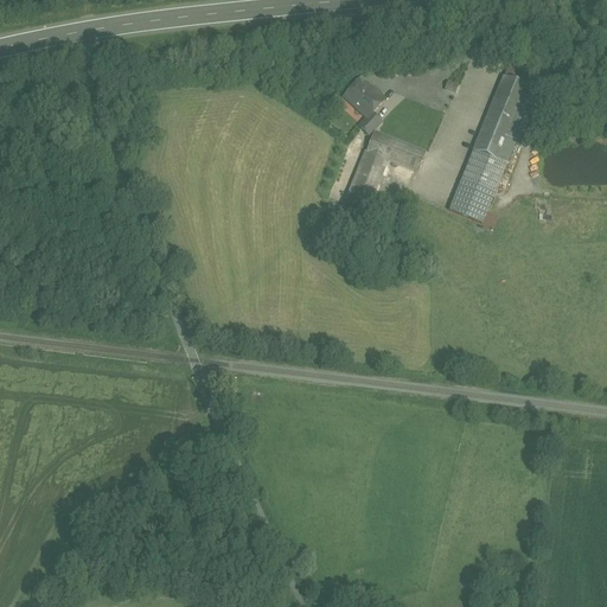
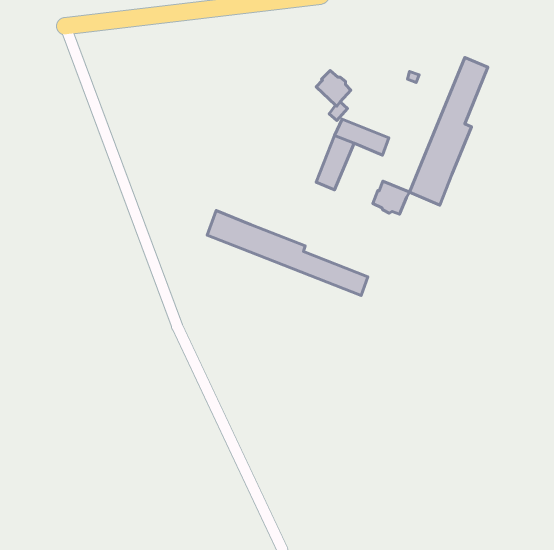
building: none -> [373,181,410,214]
building: none -> [207,210,368,295]

